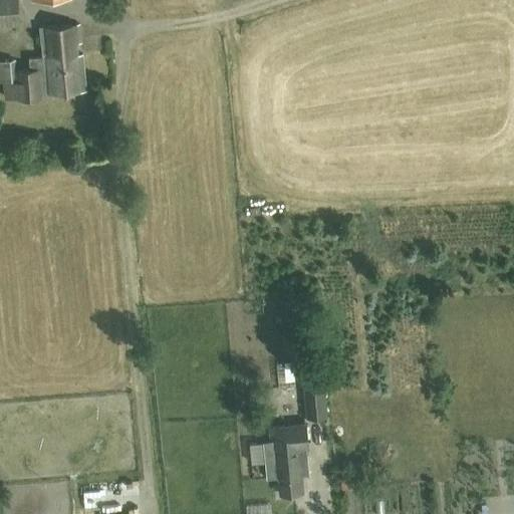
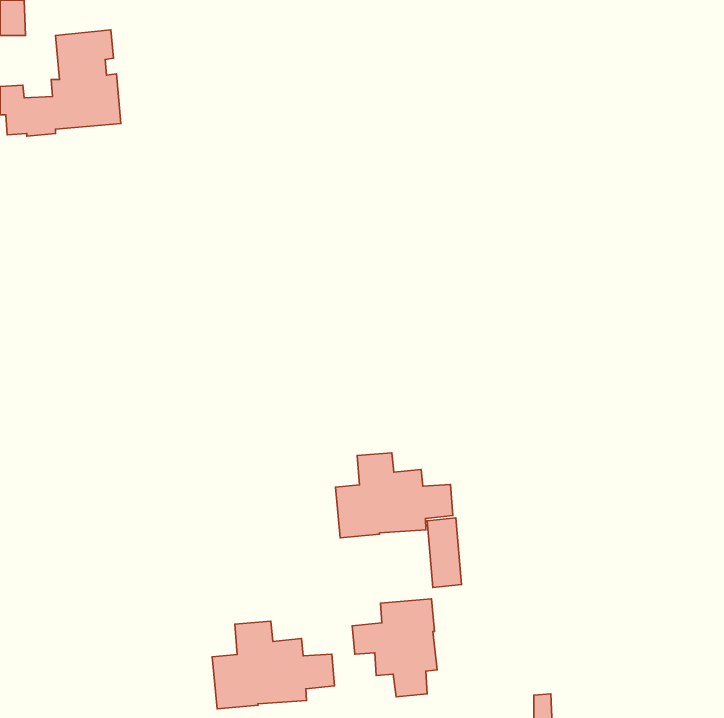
building: none -> [335,453,453,538]
building: none -> [212,621,334,709]

